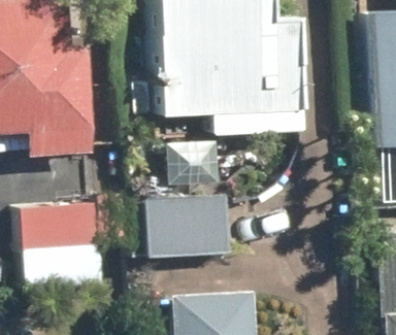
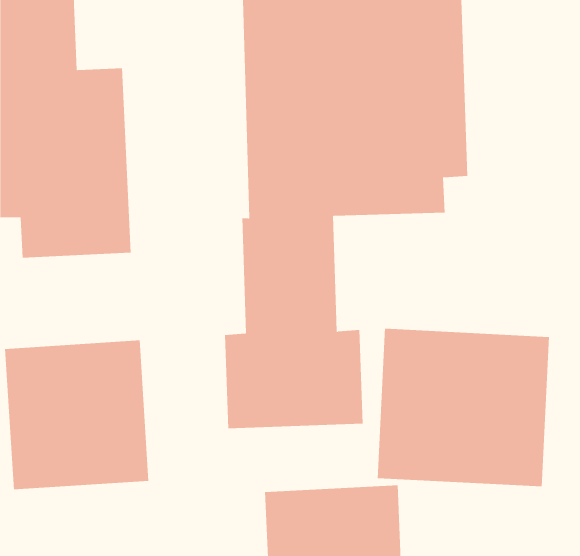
building: none -> [377,328,550,487]

